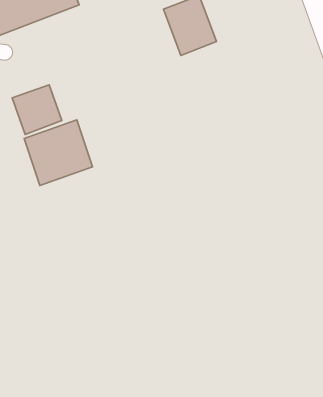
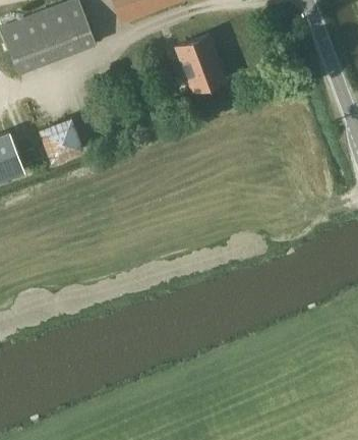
building: [24,120,93,185] -> none

